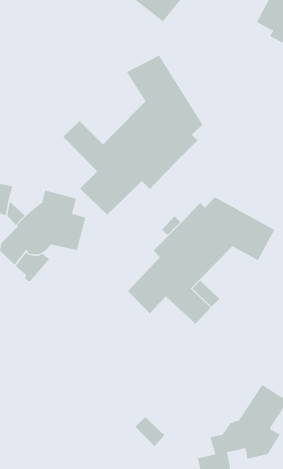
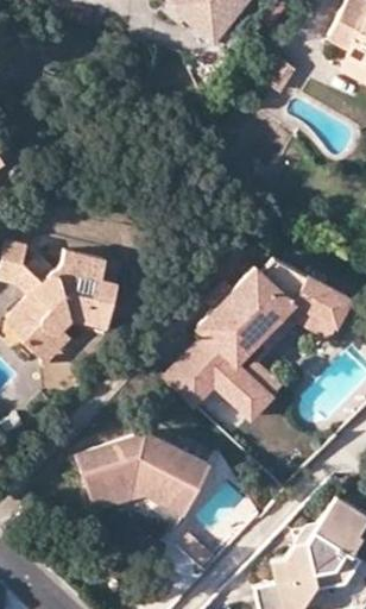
building: [62,55,203,215] -> none
building: none -> [76,432,208,514]

